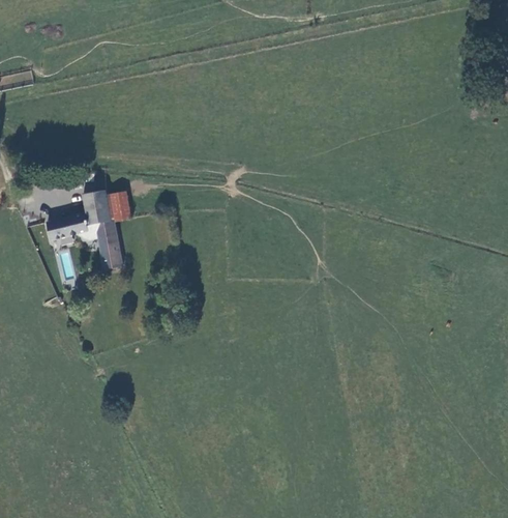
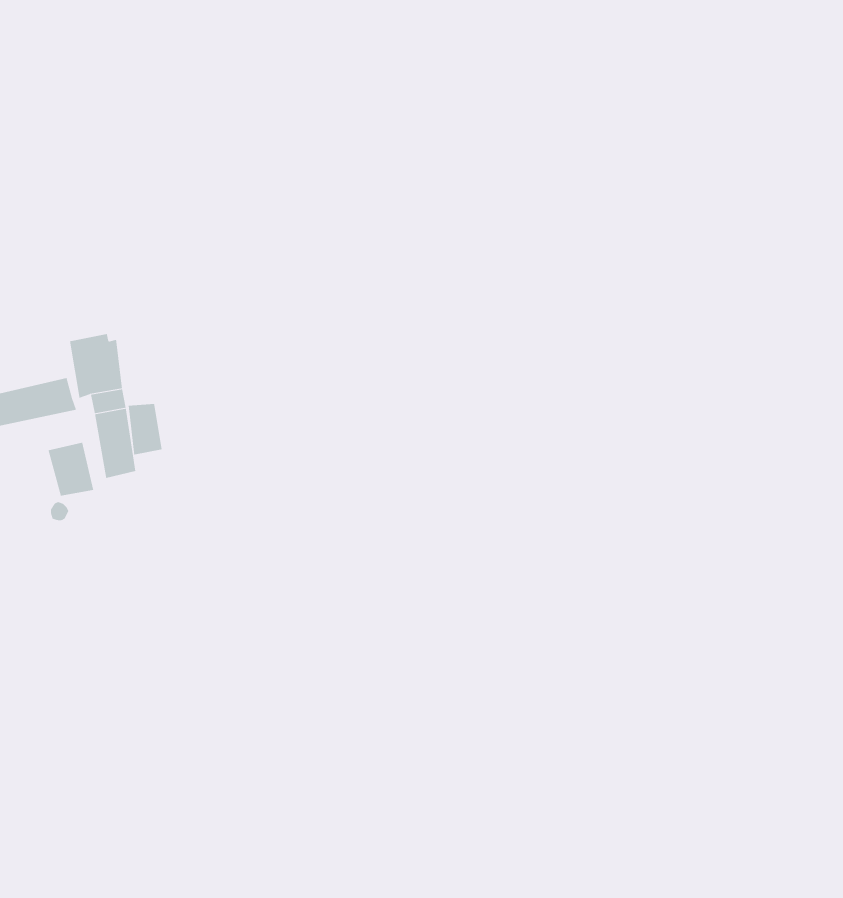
building: [111,193,129,221] -> [128,404,162,455]
building: none -> [48,442,94,497]

